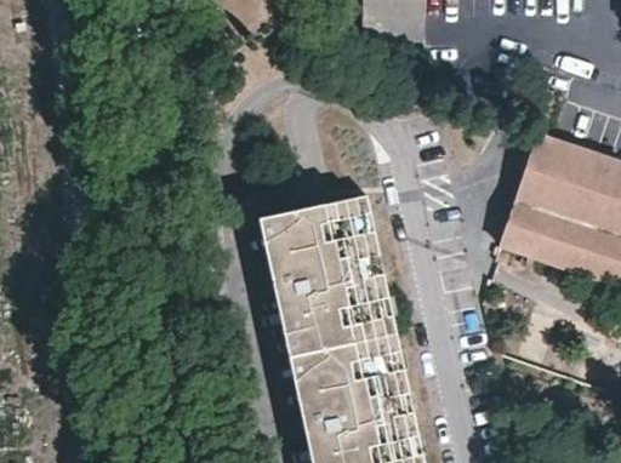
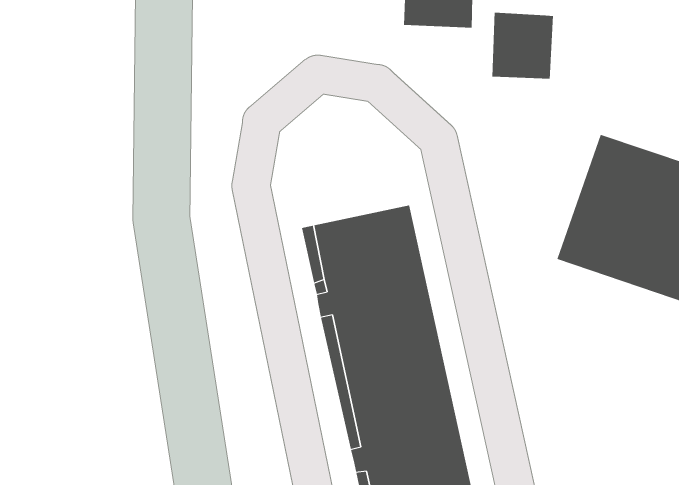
building: none -> [492,12,554,80]

